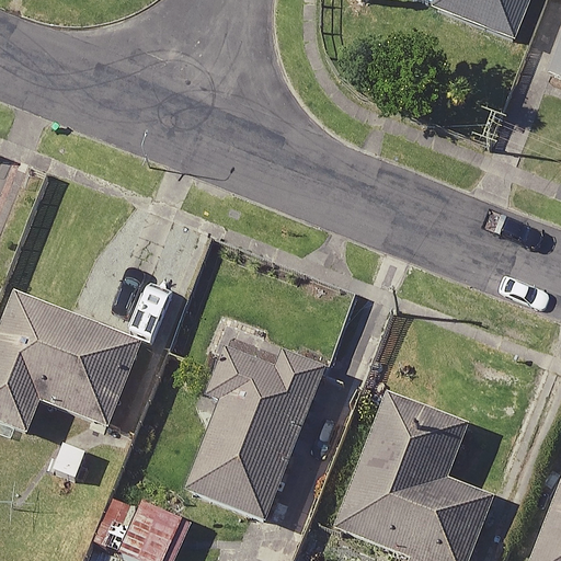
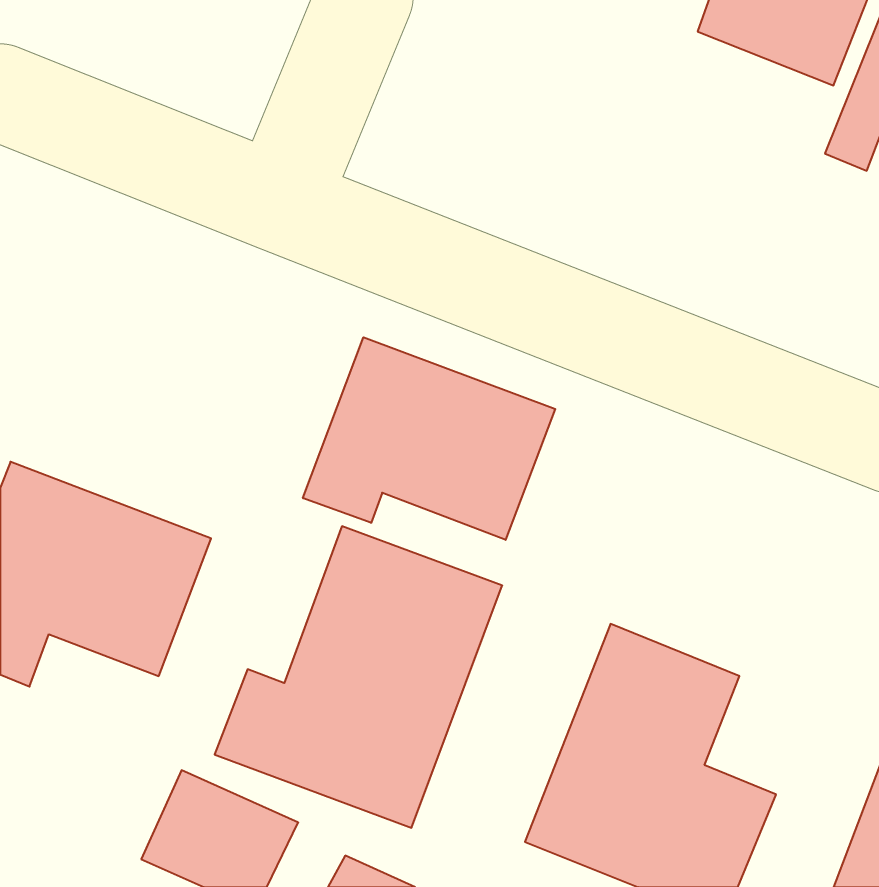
building: none -> [303,337,555,540]

